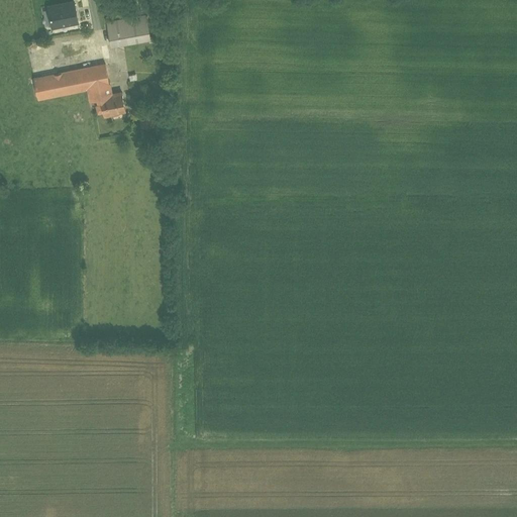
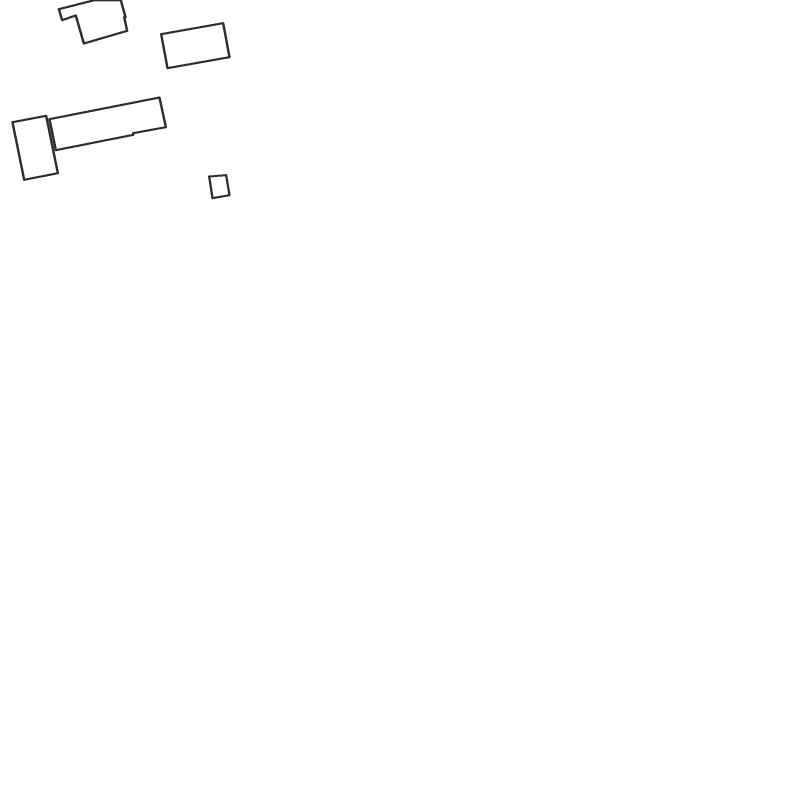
building: none -> [13,116,58,180]
building: [87,84,124,116] -> none

